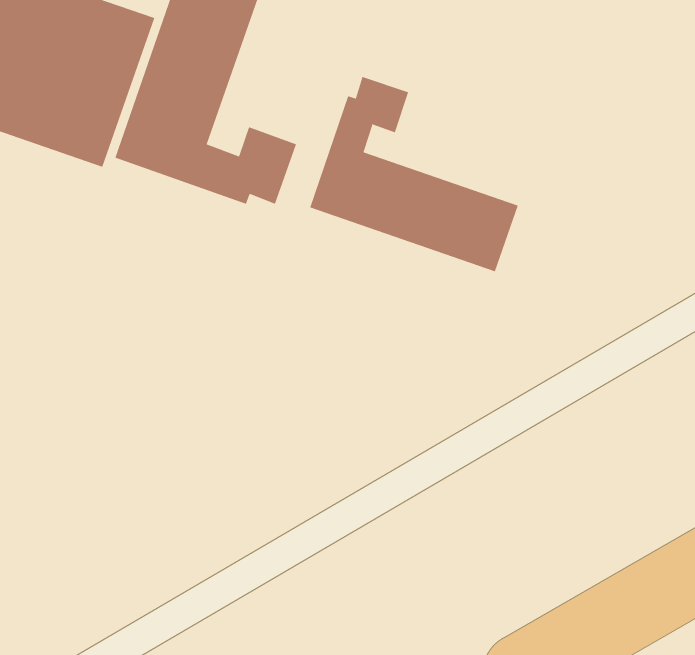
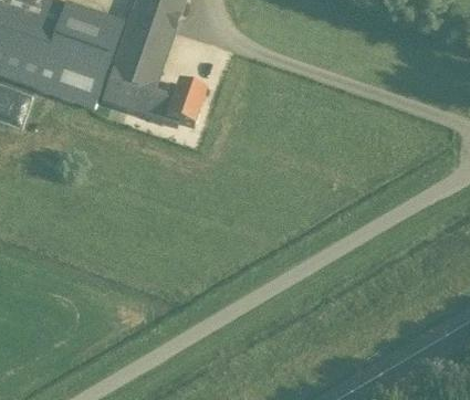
building: [309,76,519,272] -> none

